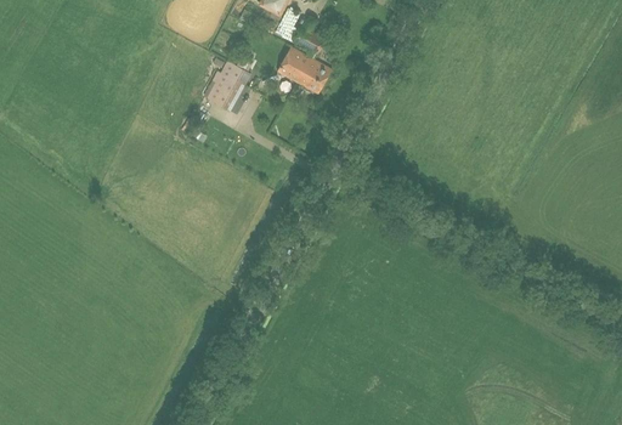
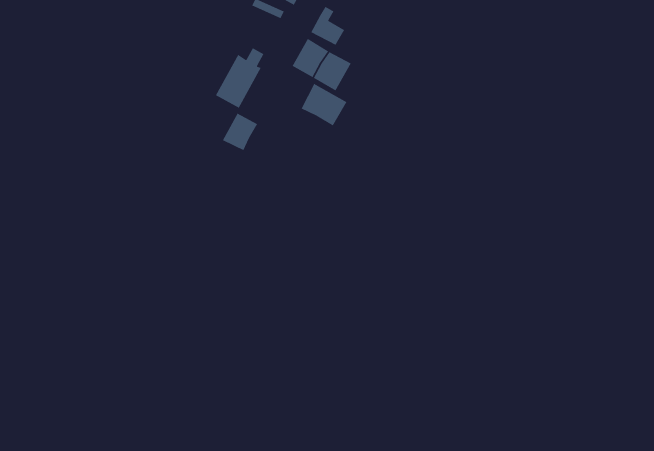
building: none -> [300,83,347,127]
building: none -> [222,112,258,151]

